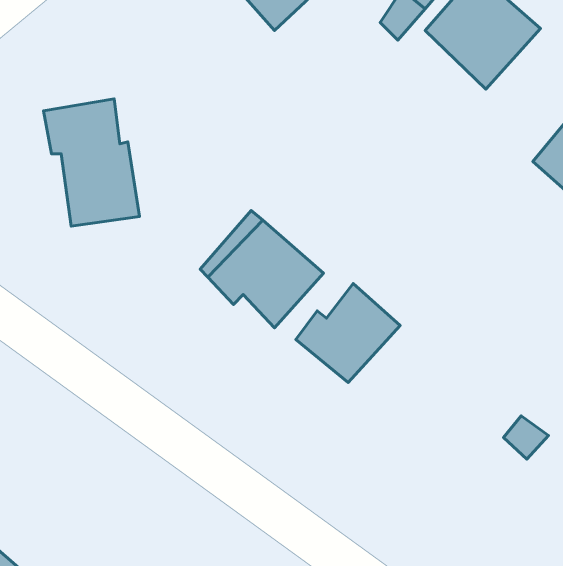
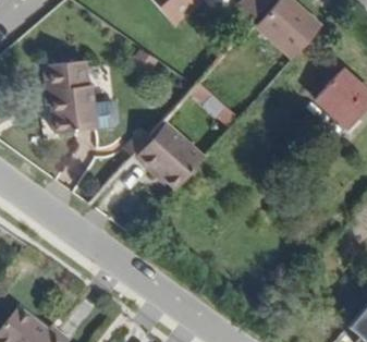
building: [296,283,400,382] -> none

